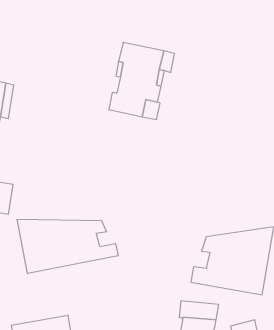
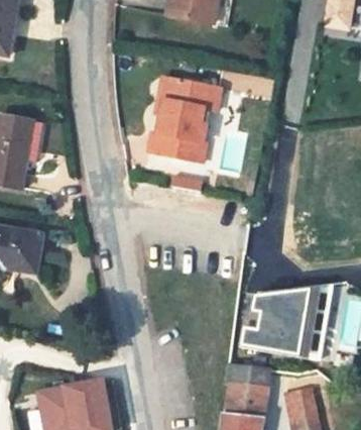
building: [17,219,118,274] -> none

